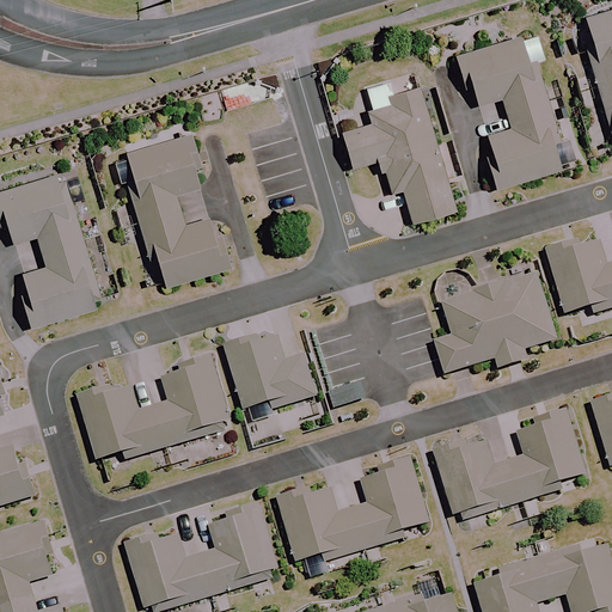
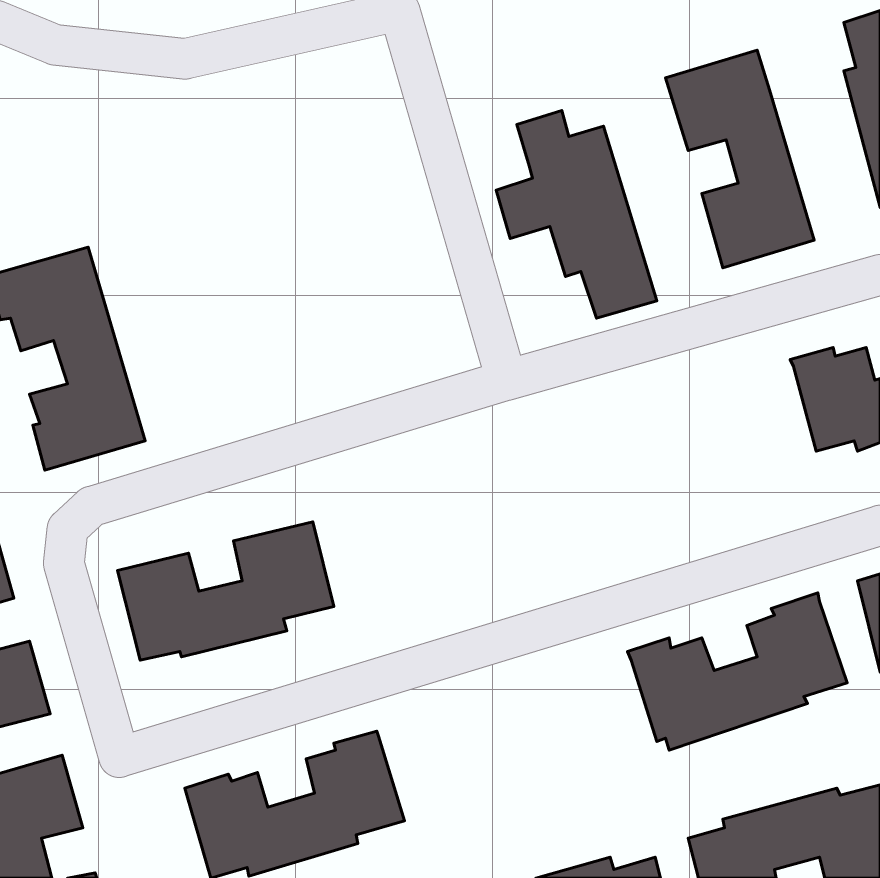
building: [127,133,228,282] -> none
building: [436,271,555,371] -> none
building: [226,331,317,408] -> none
building: [279,460,428,559] -> none

